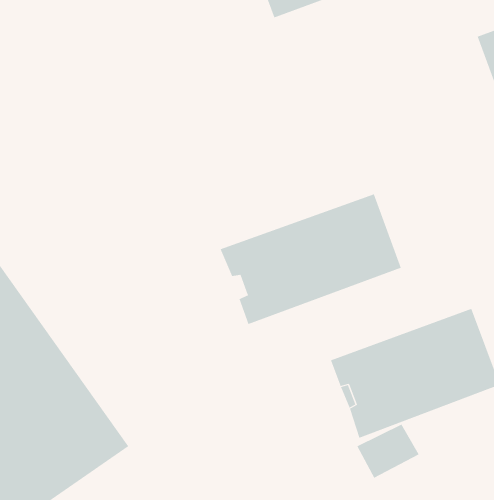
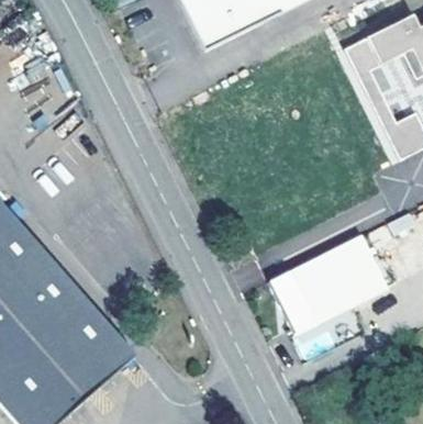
building: [220,194,401,325] -> none

